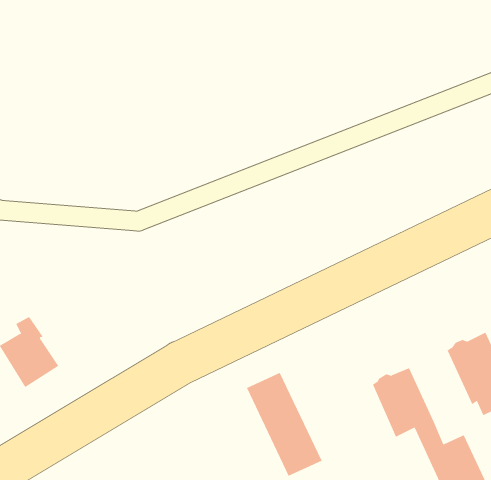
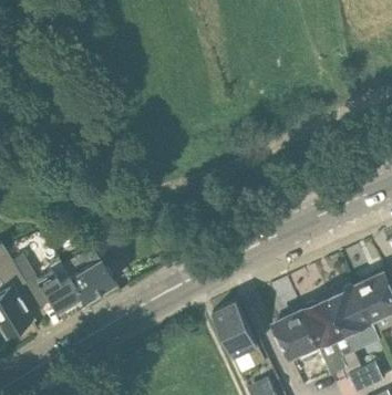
building: none -> [66,239,113,301]
building: none -> [329,285,373,336]
building: none -> [275,310,319,360]

